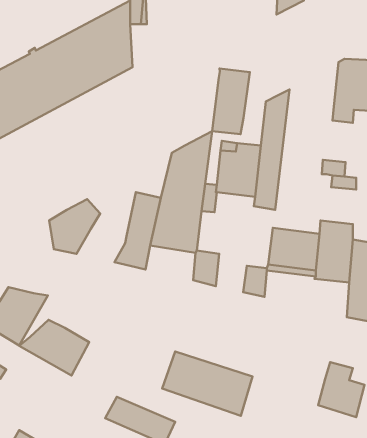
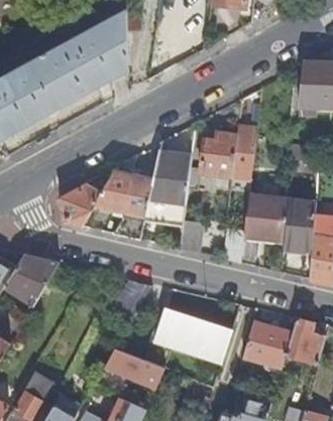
building: [212,69,250,134] -> none
building: none -> [93,171,131,212]
building: [19,320,89,376] -> none
building: none -> [242,321,292,369]

